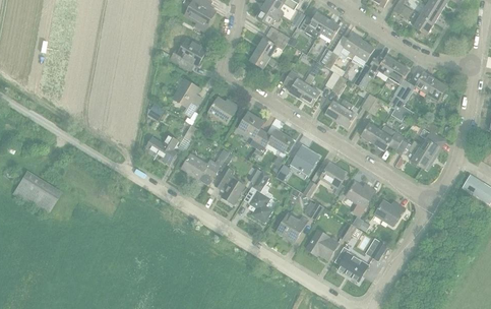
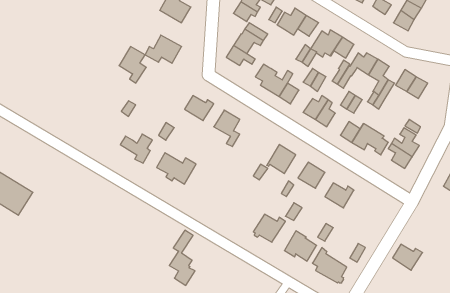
building: [173,79,199,115] -> [119,47,146,83]
building: [255,128,291,151] -> none
building: [213,165,244,202] -> none
building: [247,168,272,222] -> [169,230,195,285]
building: [374,199,404,225] -> [393,244,423,270]

